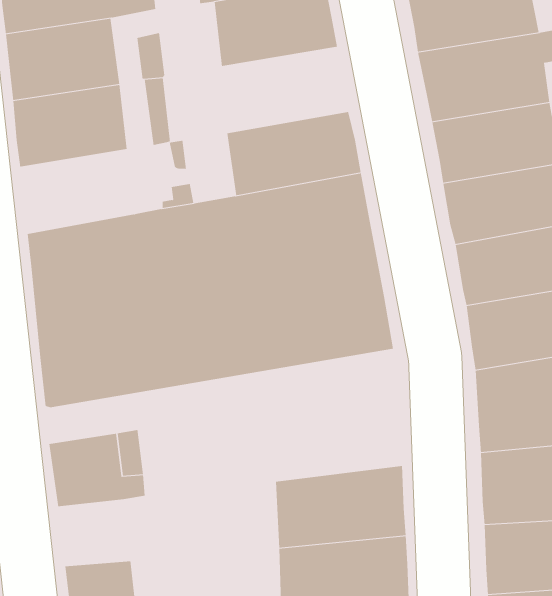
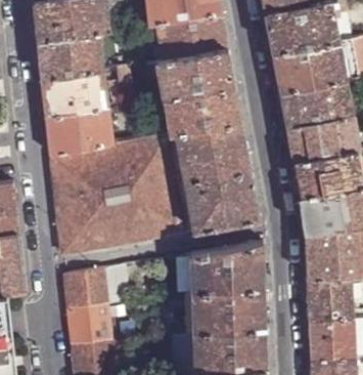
building: none -> [156,47,232,96]
building: none -> [45,106,110,154]
building: none -> [189,240,263,295]
building: none -> [66,305,108,343]

